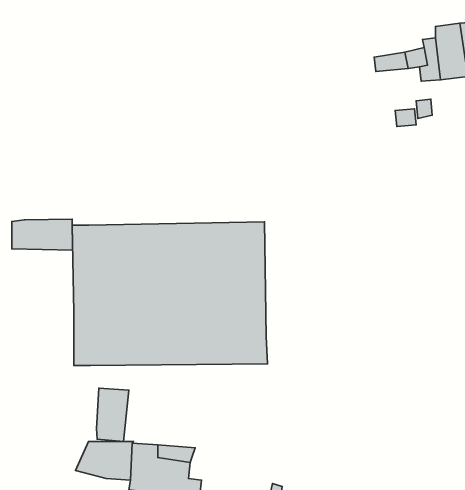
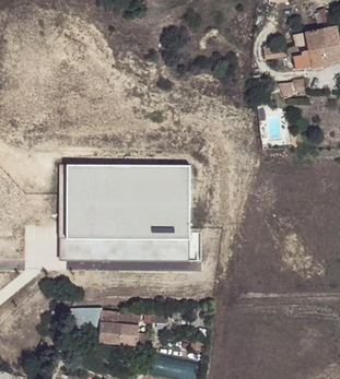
building: [12,219,73,250] -> none
building: [96,388,129,441] -> none

